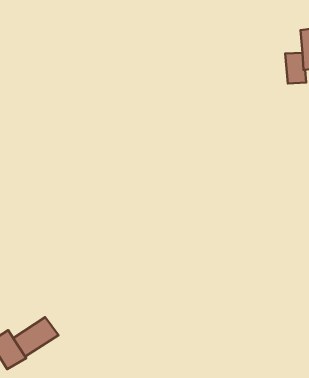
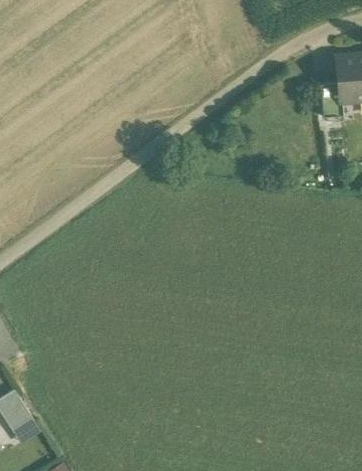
building: [13,317,59,357] -> none

